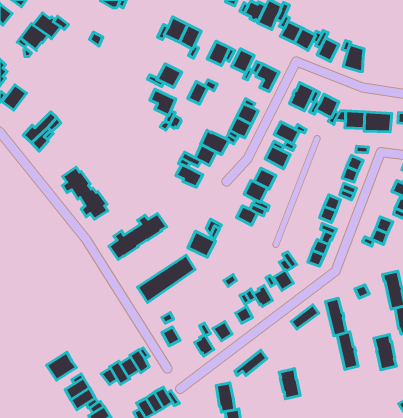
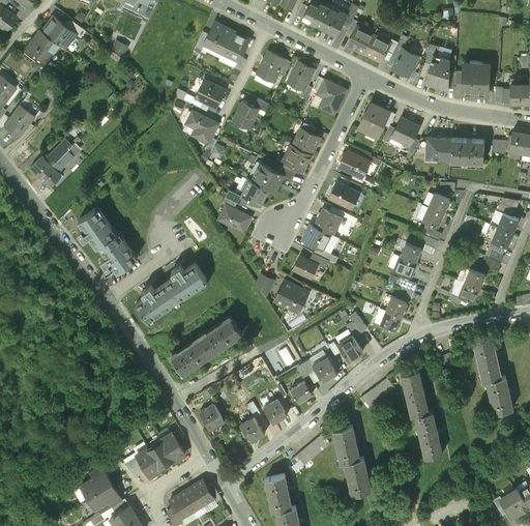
building: none -> [461,63,489,97]
building: [188,231,216,257] -> [273,281,307,313]
building: [374,335,397,370] -> none
building: none -> [334,426,359,462]
building: [47,352,77,380] -> none

